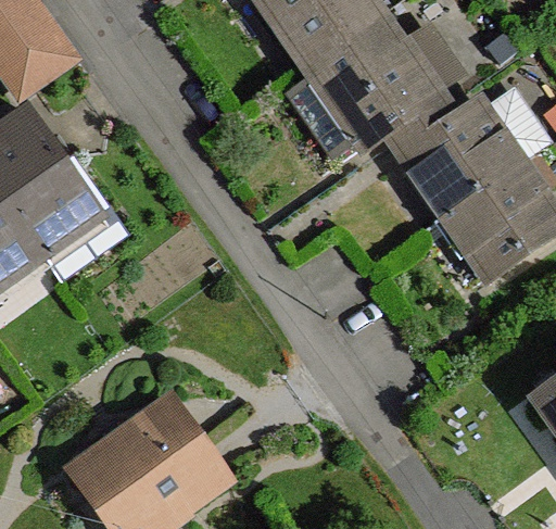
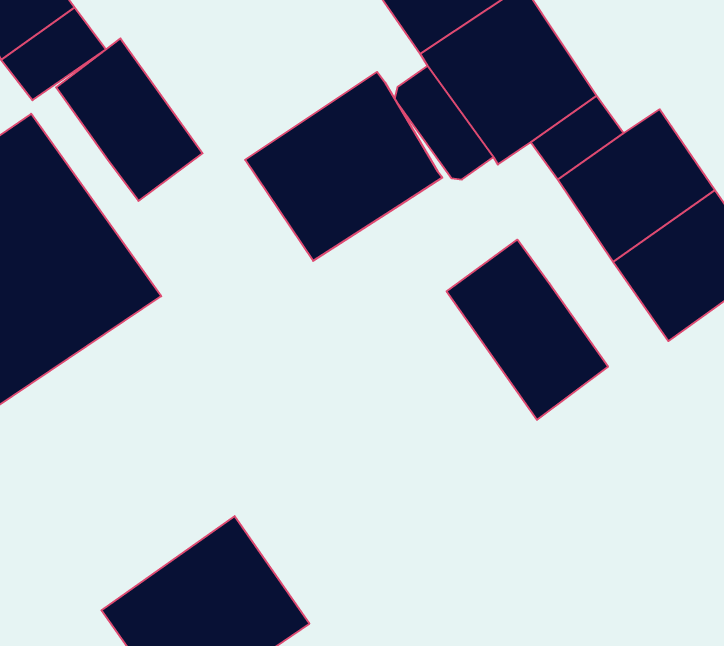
building: none -> [56,38,203,201]
building: none -> [245,72,442,261]
building: none -> [447,240,608,420]

